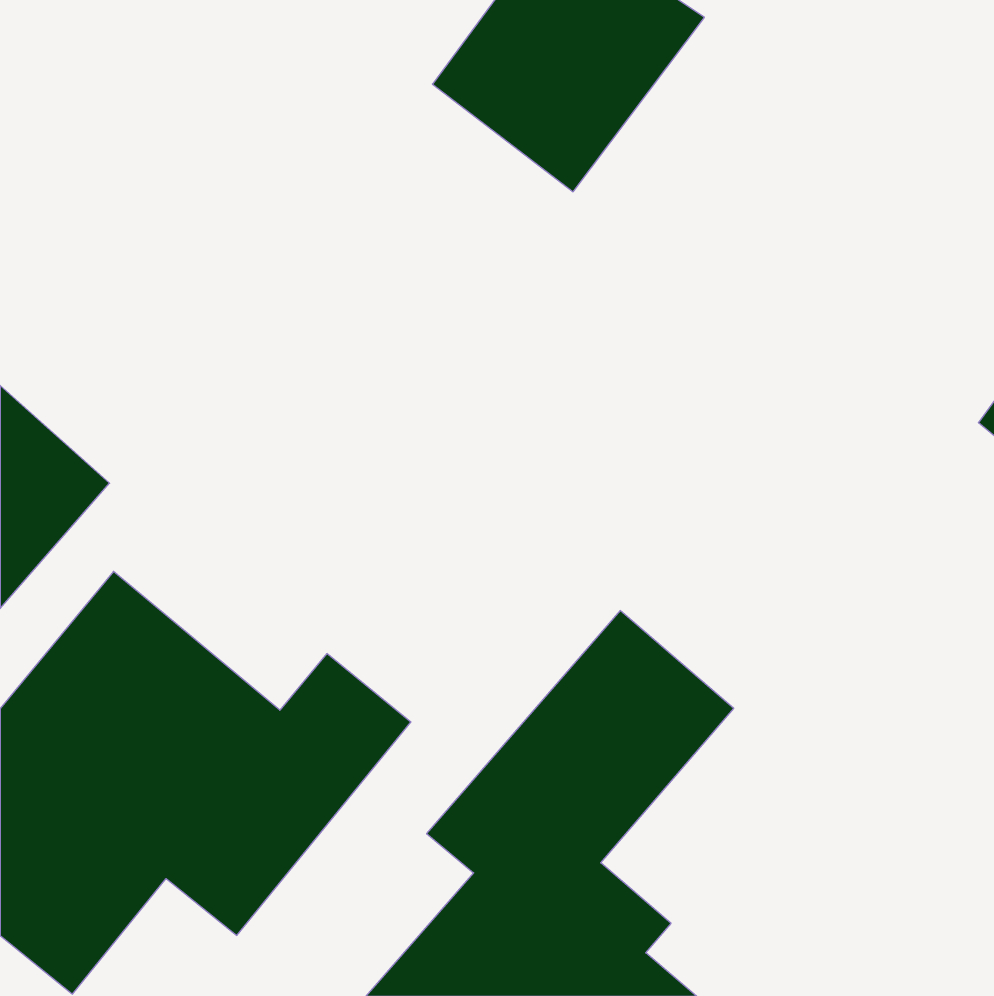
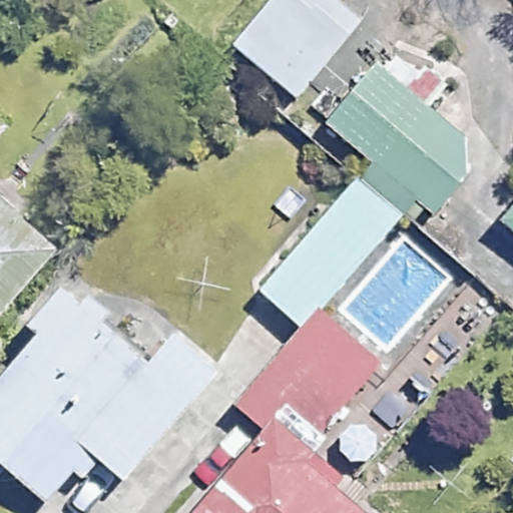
building: none -> [326,65,478,213]
building: none -> [260,178,402,330]

